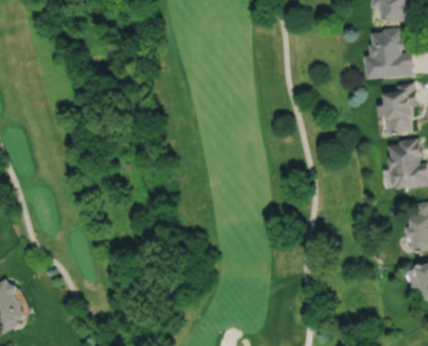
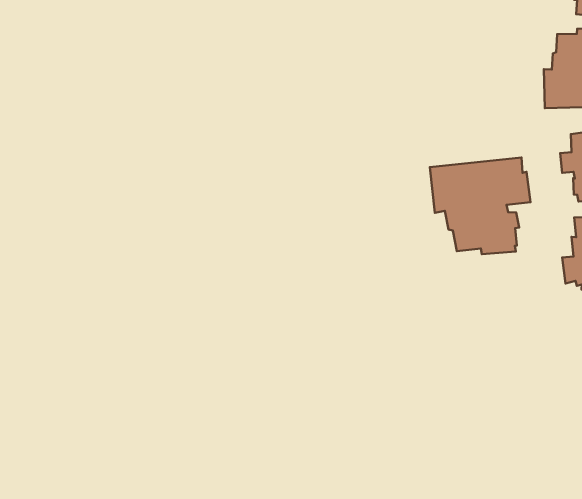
building: none -> [430,157,530,254]

